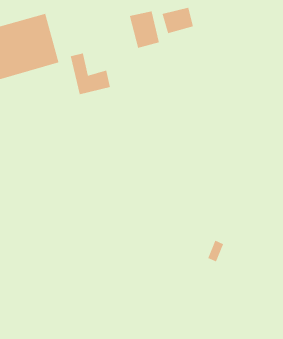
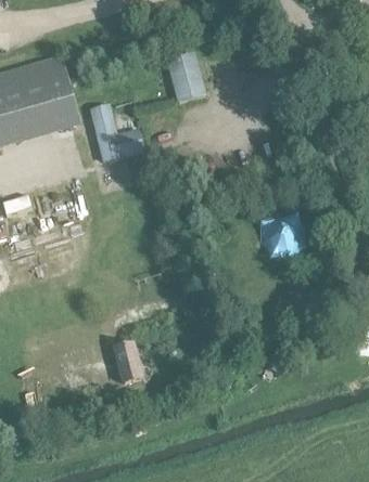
building: [161,7,194,34] -> none
building: none -> [114,342,142,381]

